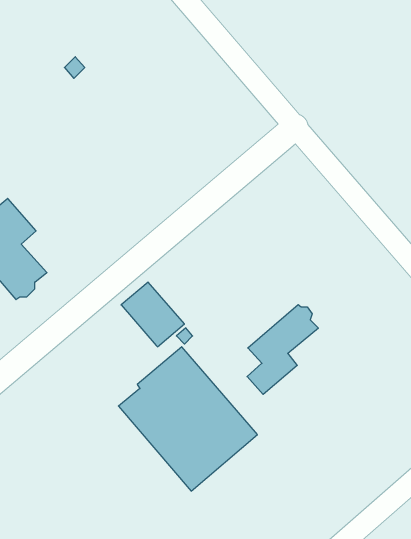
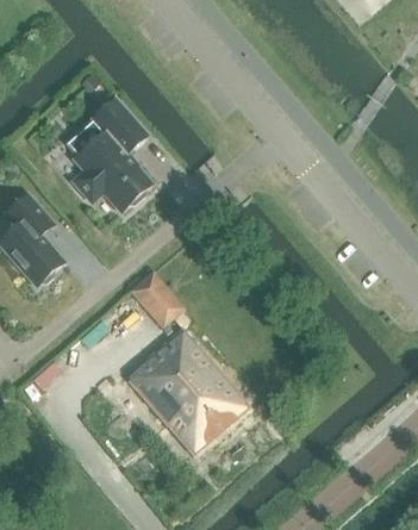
building: none -> [73,98,150,210]
building: [247,305,318,394] -> none

